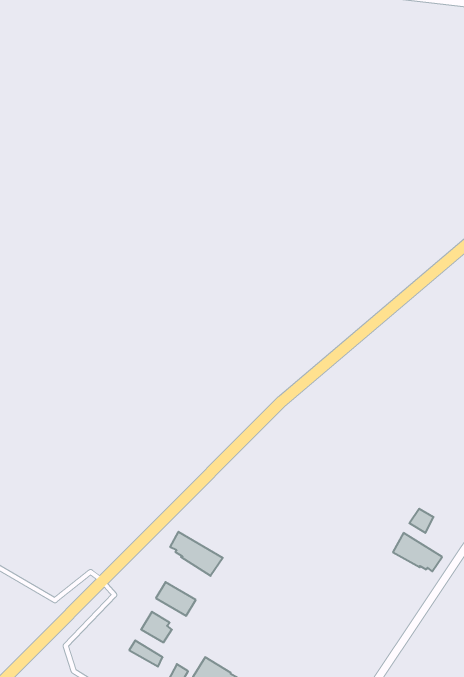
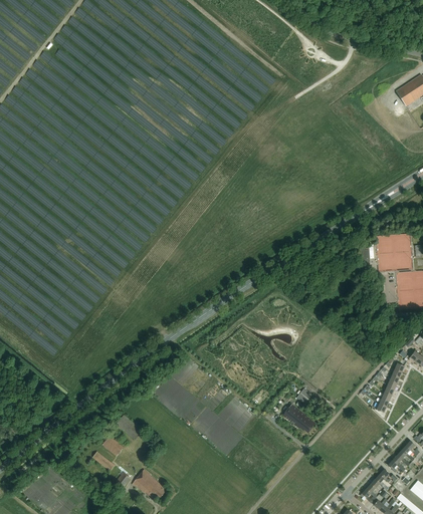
building: [170,532,223,576] -> none

